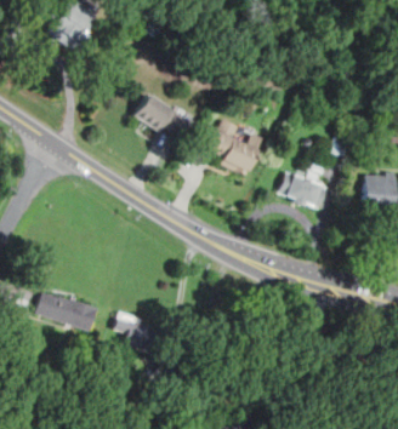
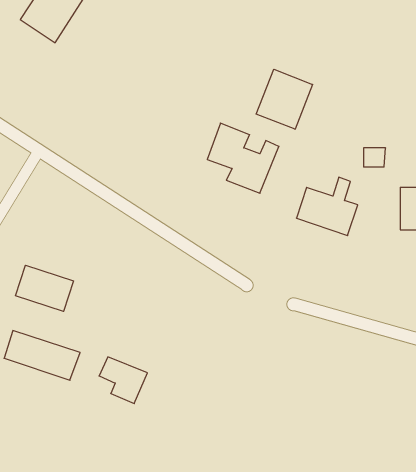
building: none -> [256,69,313,129]
building: [135,95,184,133] -> none
building: none -> [16,265,74,311]

